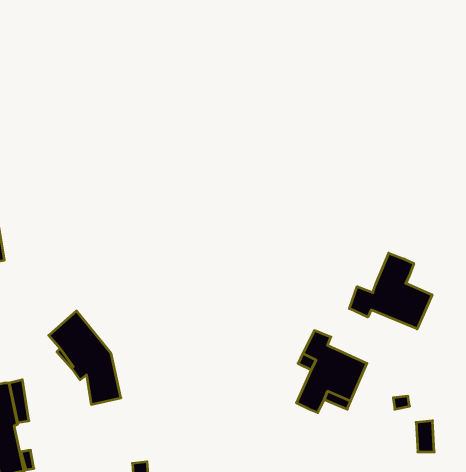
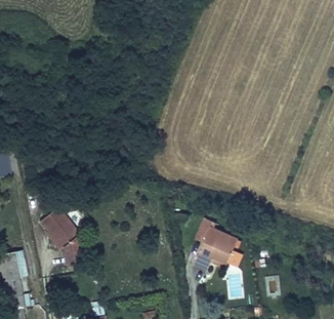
building: [349,253,432,329] -> none

